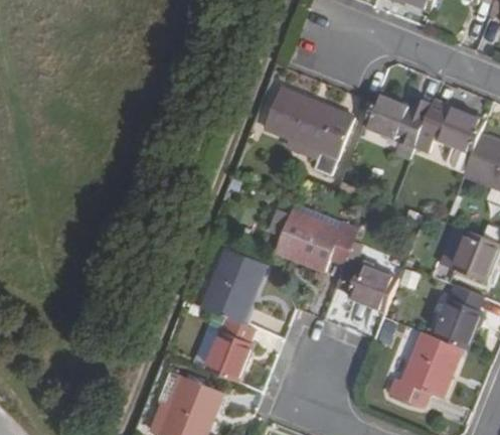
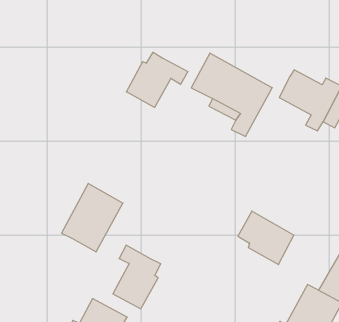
building: none -> [126,52,188,107]
building: [276,209,360,270] -> none
building: [200,249,265,324] -> [62,184,123,252]

